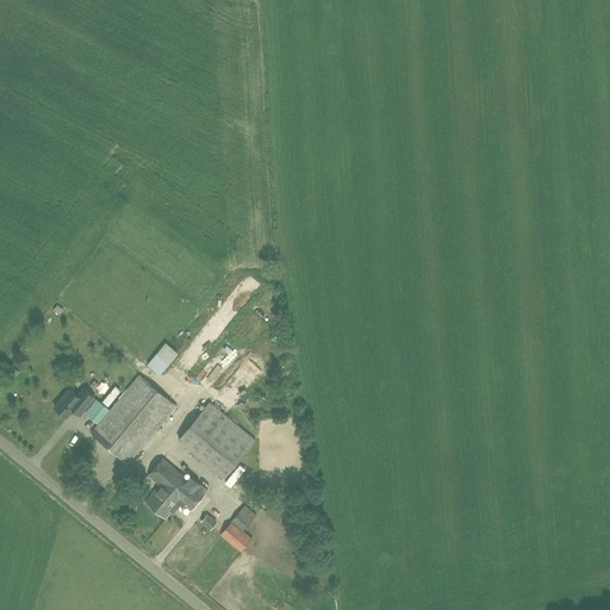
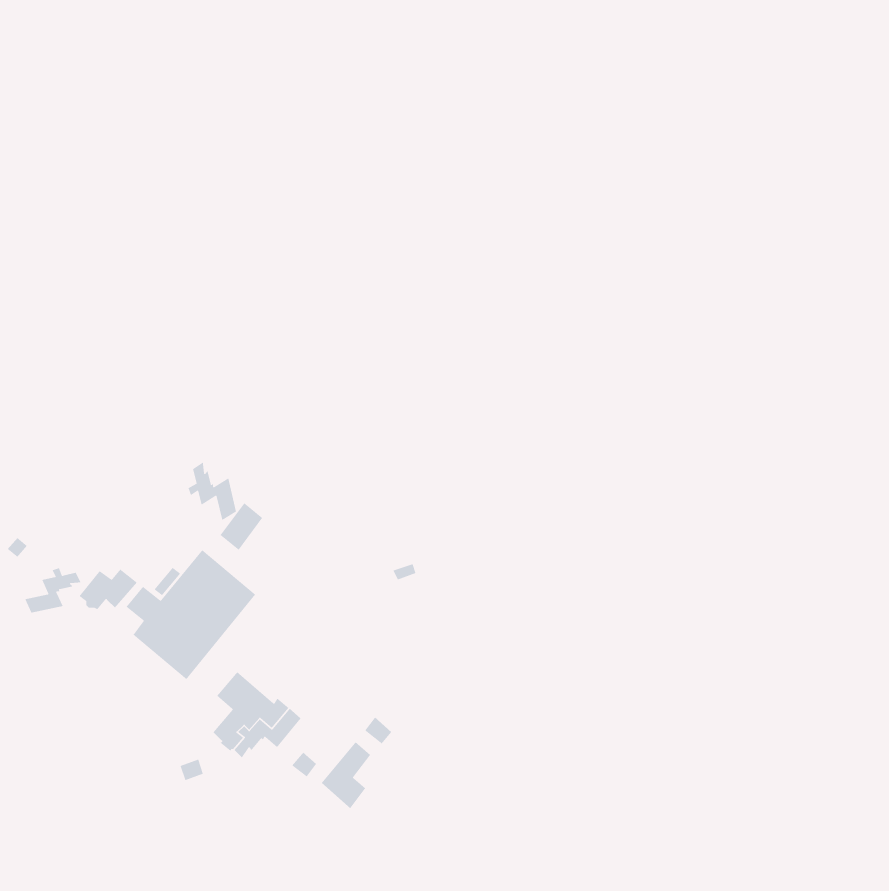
building: none -> [188,461,237,521]
building: none -> [24,567,82,613]
building: [178,403,255,477] -> none

